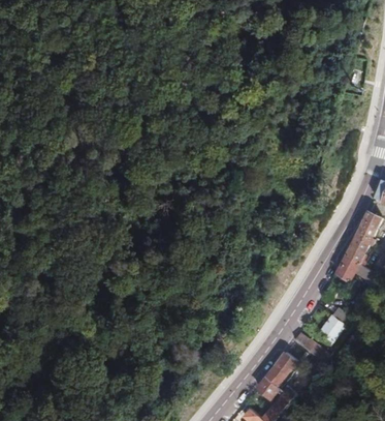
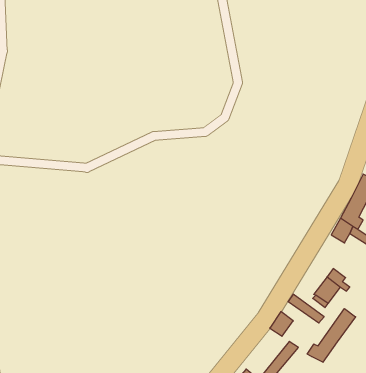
building: none -> [307,309,356,362]
building: [255,367,286,399] -> none

